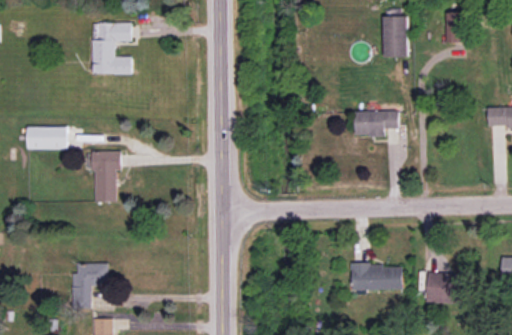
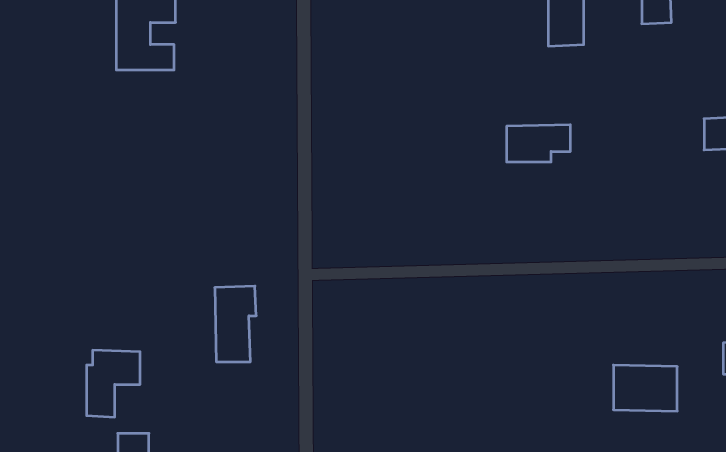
building: [27,127,67,150] -> none
building: [93,151,121,202] -> [215,286,256,362]
building: [352,264,403,291] -> none

